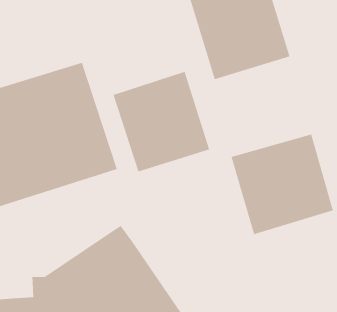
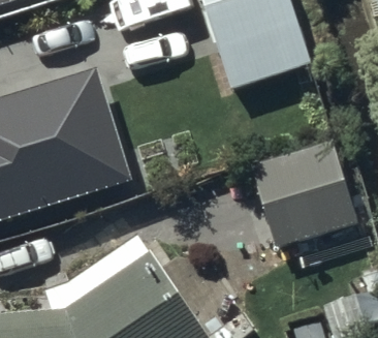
building: [113,71,210,172] -> none

